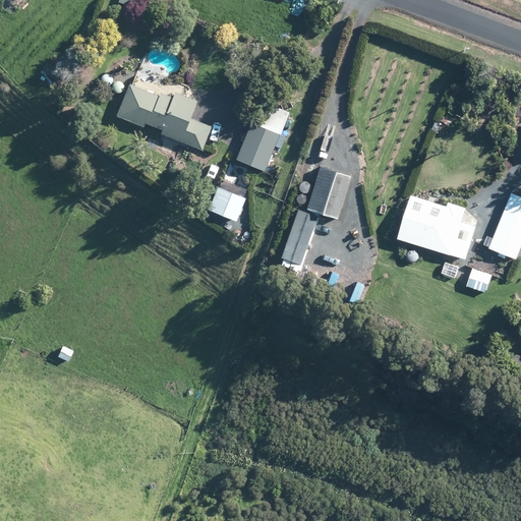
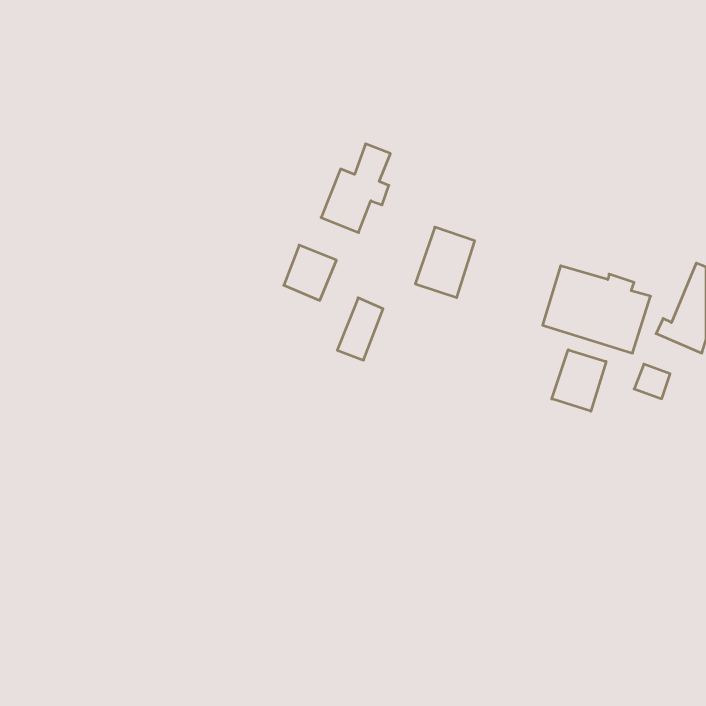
building: [117,84,211,150] -> none
building: [280,219,313,265] -> [337,298,383,360]
building: none -> [552,350,606,411]

